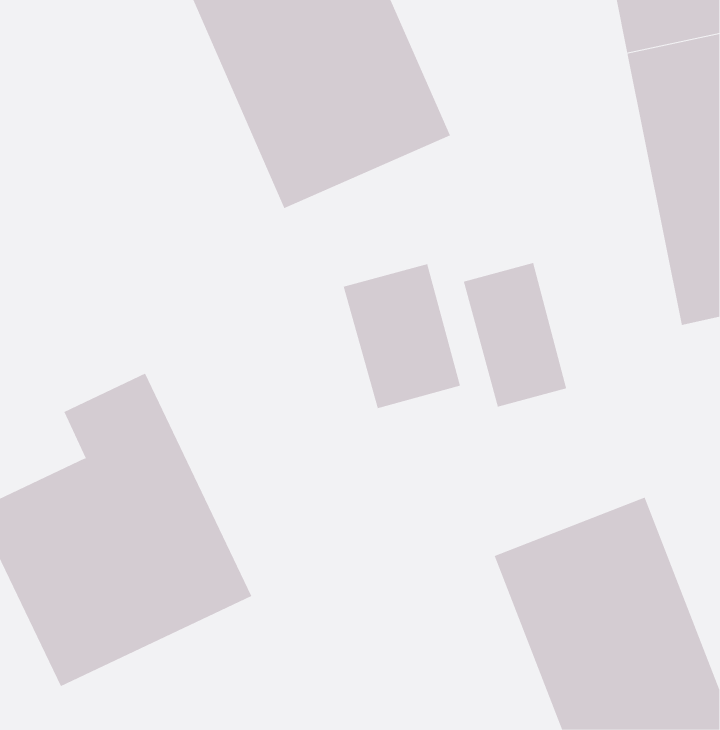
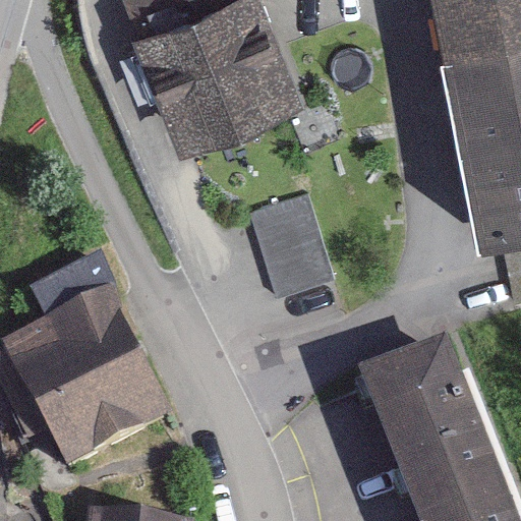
building: [463,262,567,407] -> none

